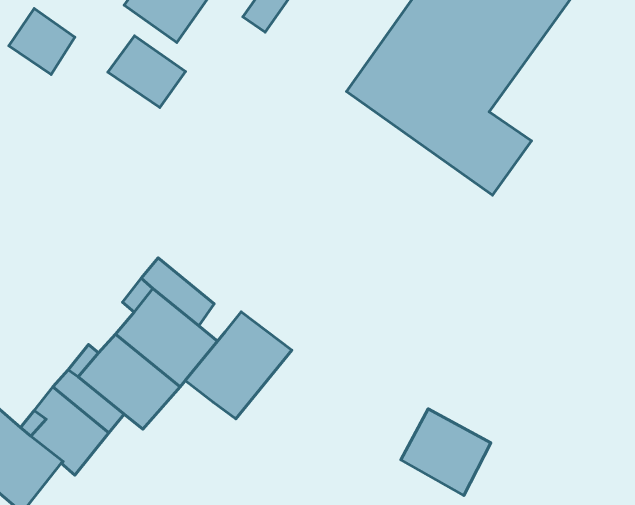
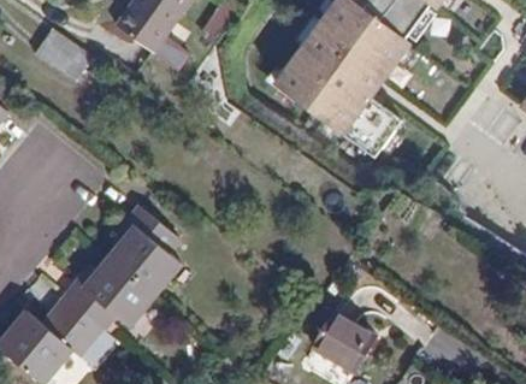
building: [108,36,185,107] -> none
building: [185,312,292,419] -> none

